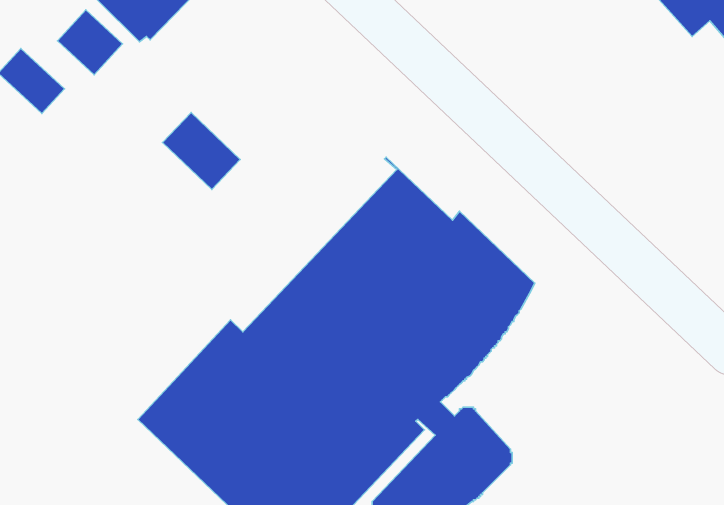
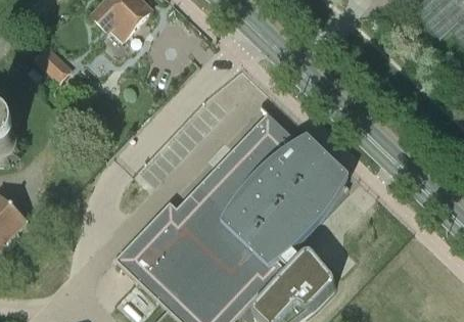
building: [57,10,123,75] -> none
building: [162,112,240,190] -> none

